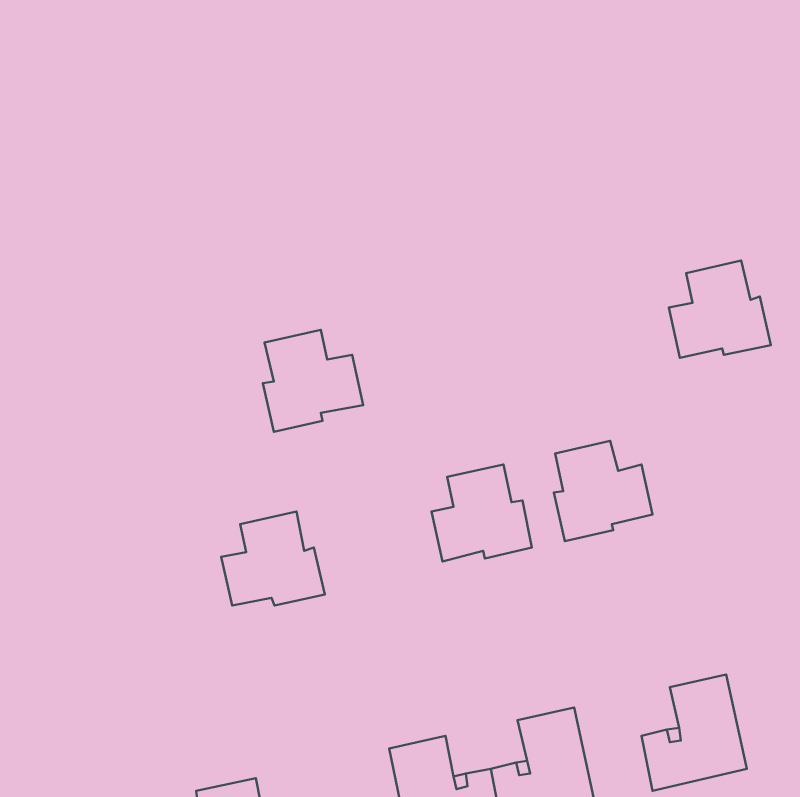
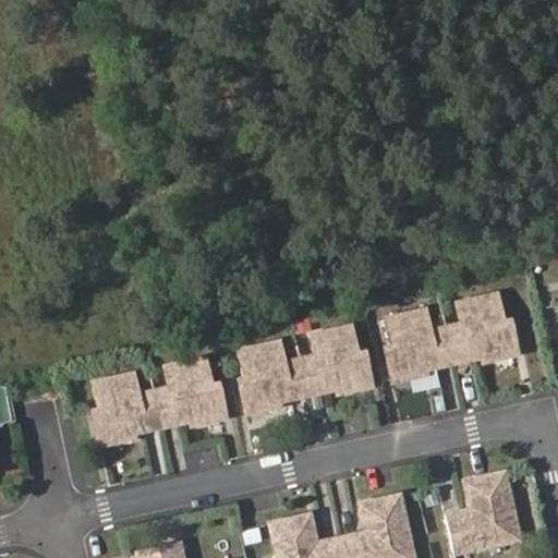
building: [669,261,771,358] -> [447,293,518,361]
building: [263,330,363,432] -> [239,341,308,412]
building: none -> [92,373,162,444]

